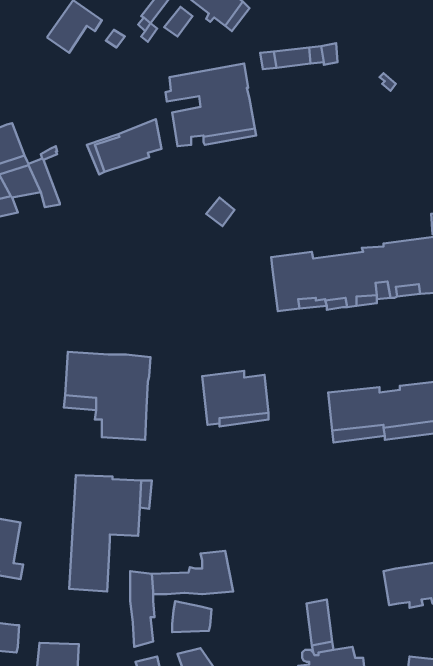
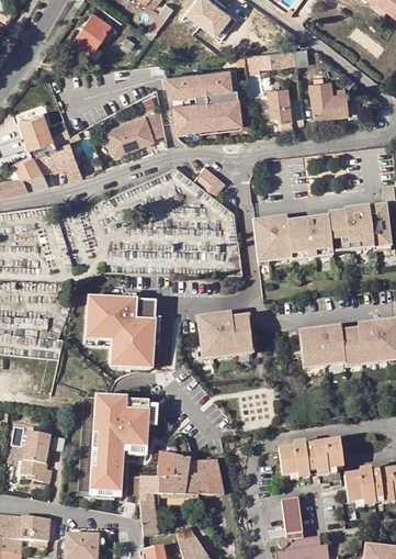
building: none -> [309,80,349,118]
building: none -> [268,86,292,121]
building: none -> [279,440,343,479]
building: [172,601,212,632] -> [157,452,189,478]

